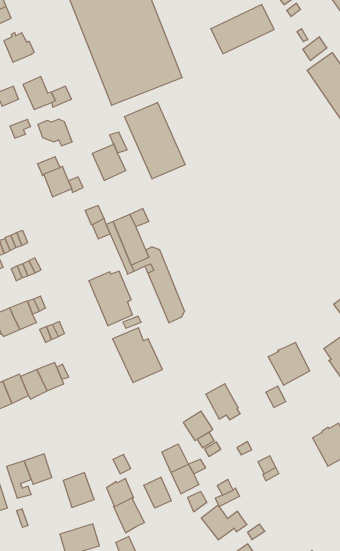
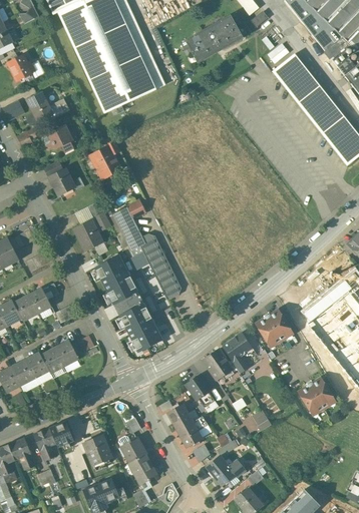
building: [124,102,185,179] -> none
building: none -> [74,219,104,250]
building: none -> [222,333,251,373]
building: [144,477,171,508] -> none

